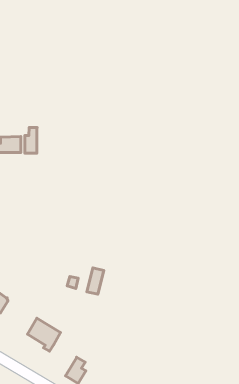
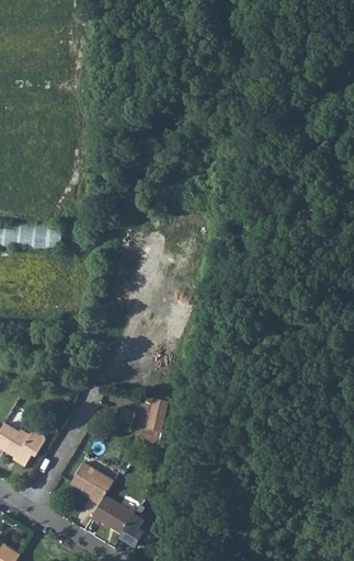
building: [25,127,37,153] -> none
building: none -> [90,496,134,534]

